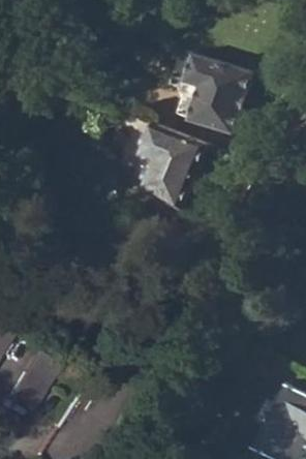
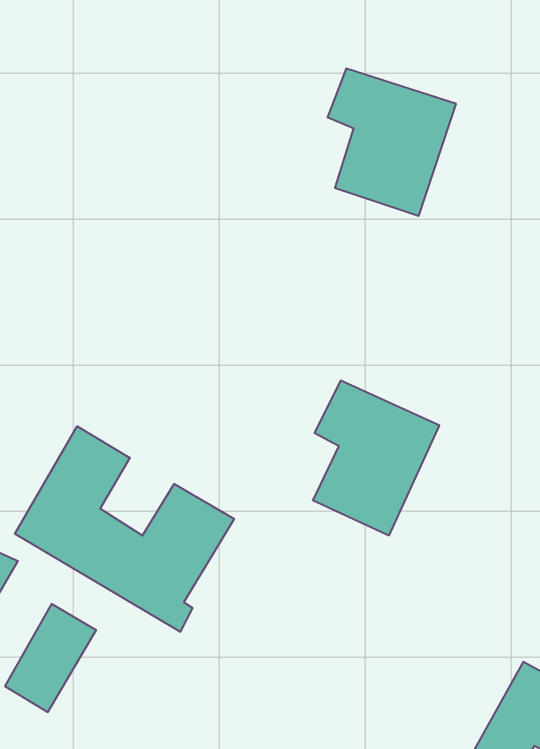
building: [137,123,208,209] -> [313,381,439,535]
building: none -> [15,426,234,632]

